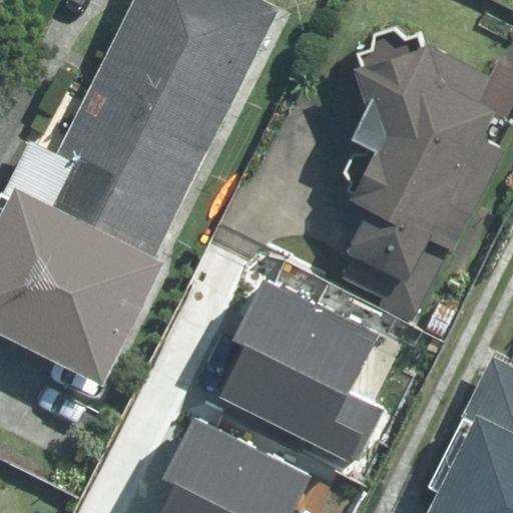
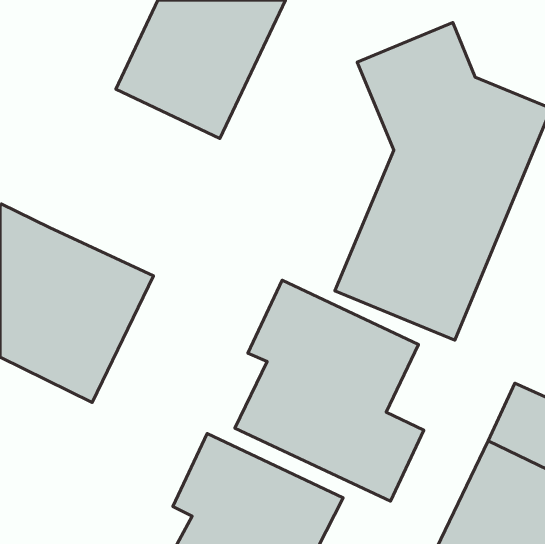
building: [49,87,208,262] -> none

